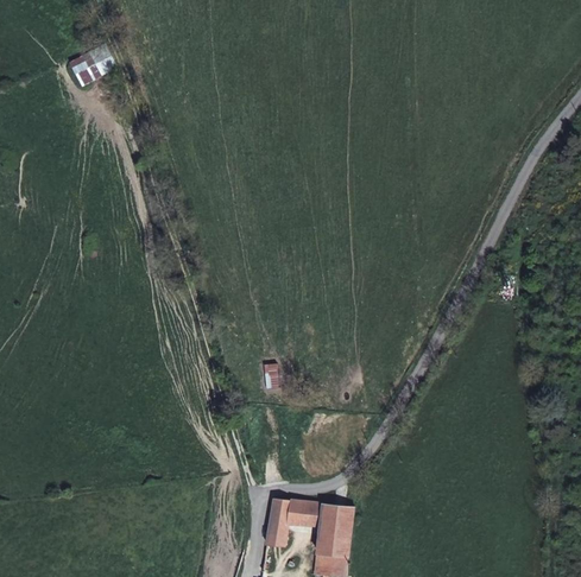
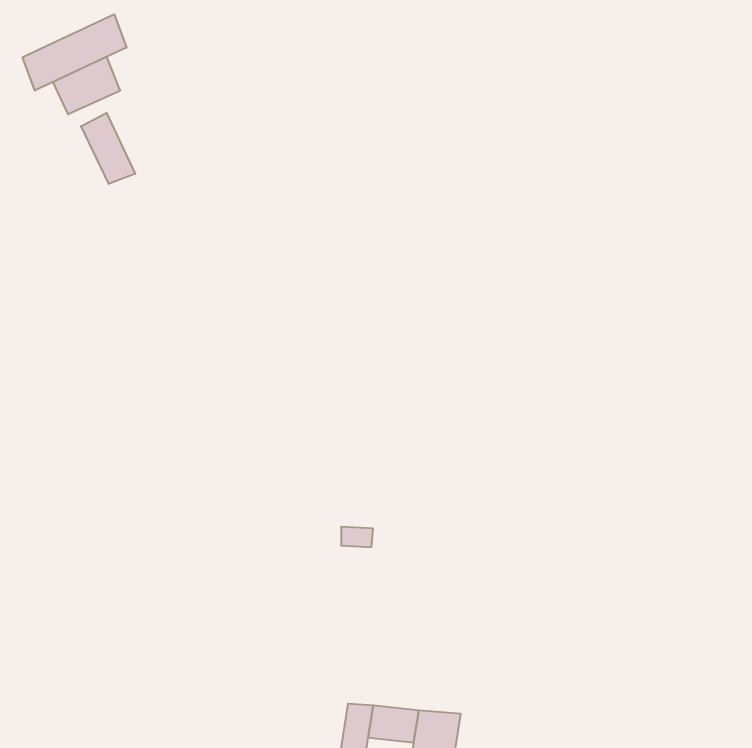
building: none -> [23,14,127,91]
building: none -> [81,113,135,184]

